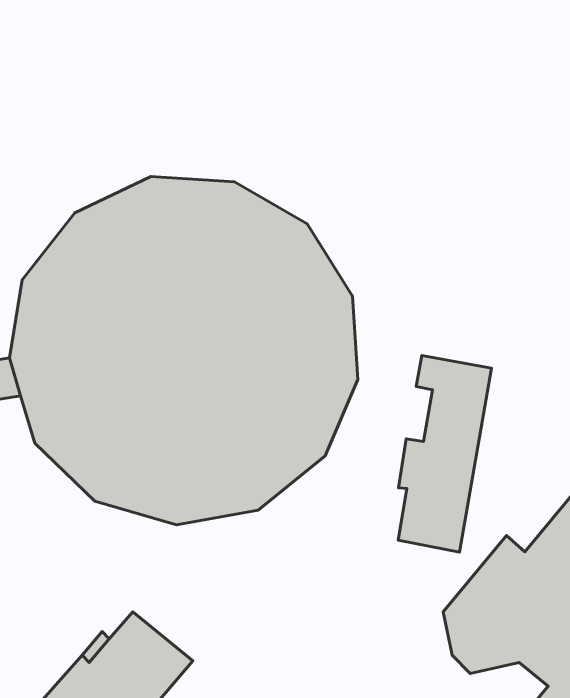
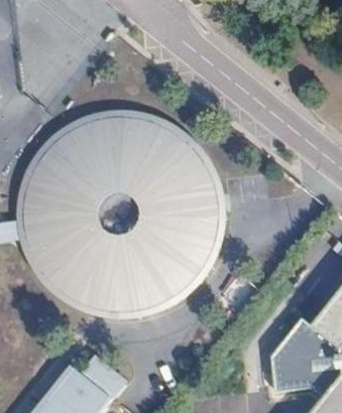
building: [398,356,491,552] -> none

